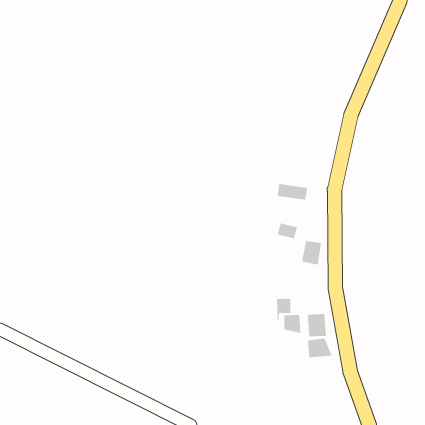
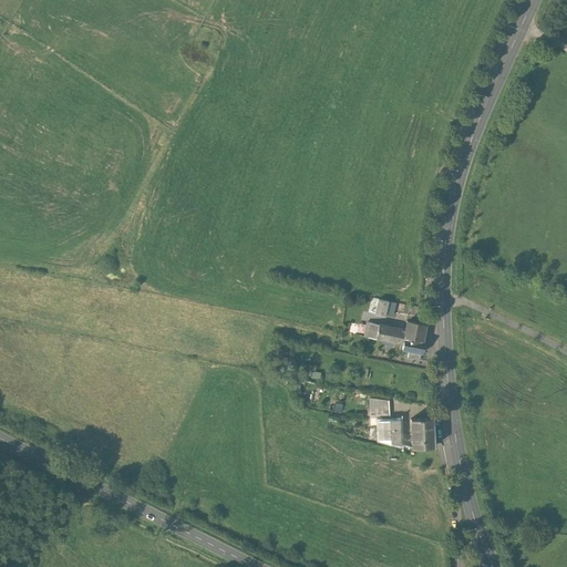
building: [277,184,308,200] -> [363,321,405,343]
building: [308,338,332,358] -> none

